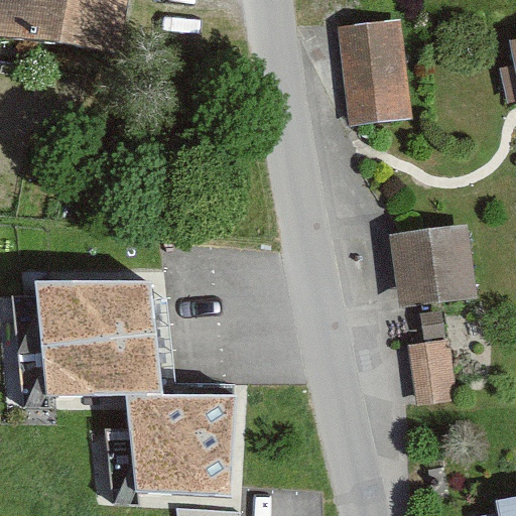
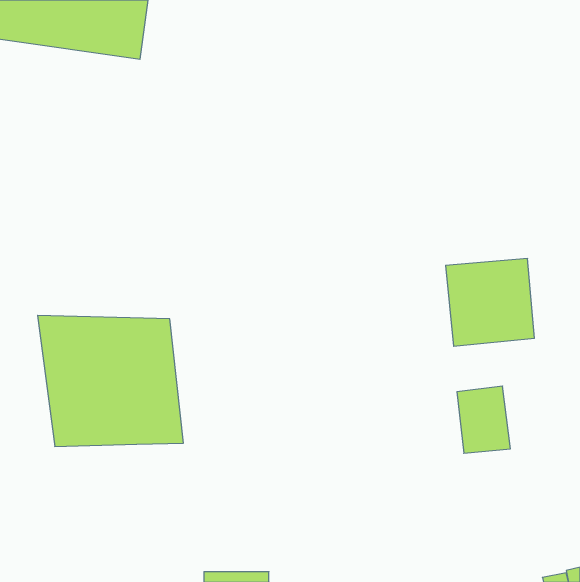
building: [337,19,411,121] -> none
building: [121,392,235,500] -> none

